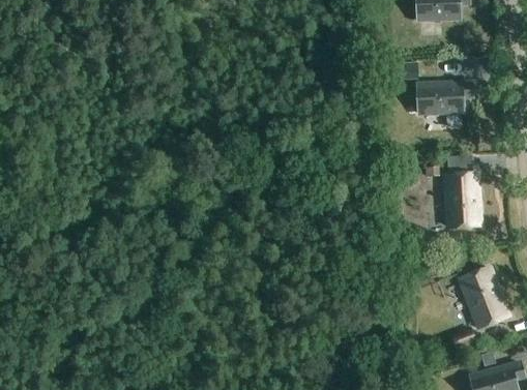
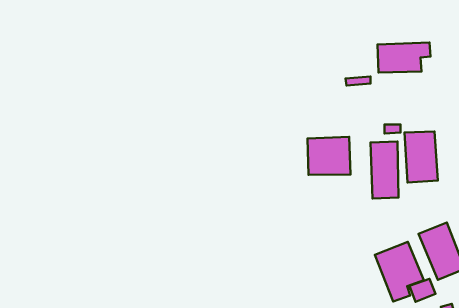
building: none -> [308,137,350,175]
building: none -> [375,242,424,302]

